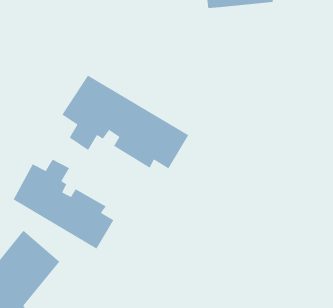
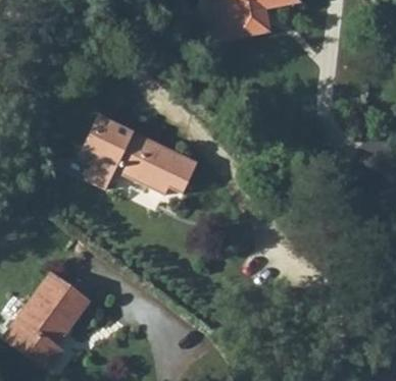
building: [13,159,114,250] -> none

